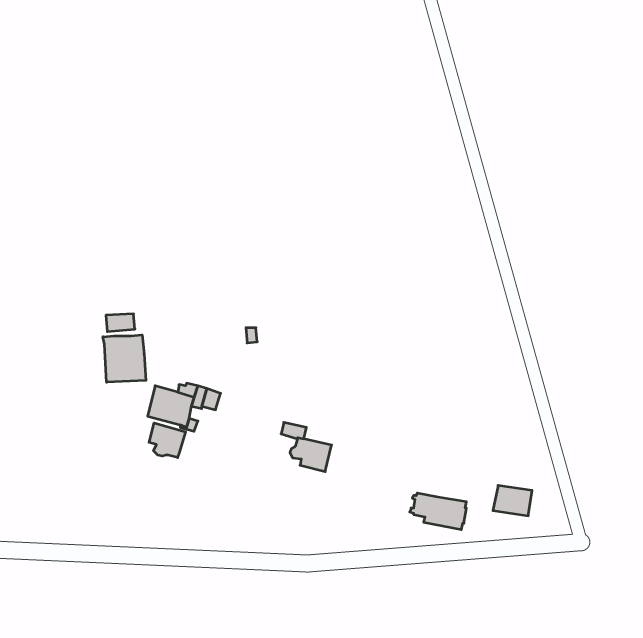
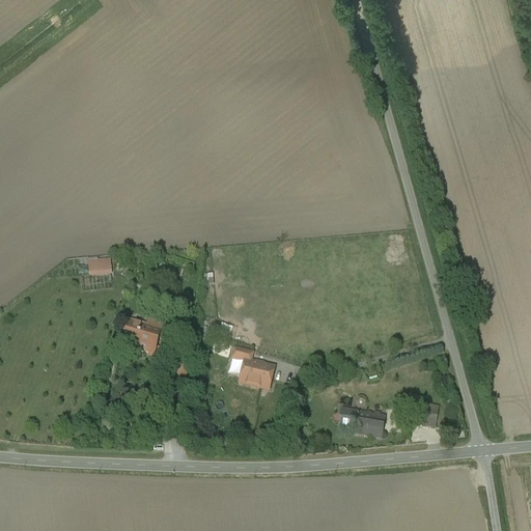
building: [103,335,146,382] -> none
building: [149,423,186,458] -> none

